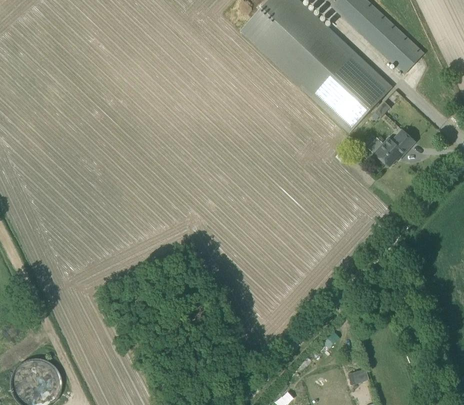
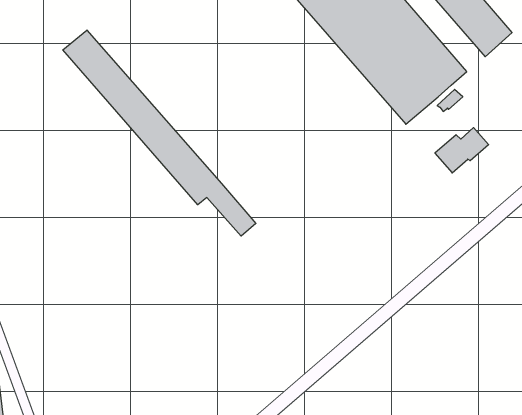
building: none -> [63,30,256,236]

